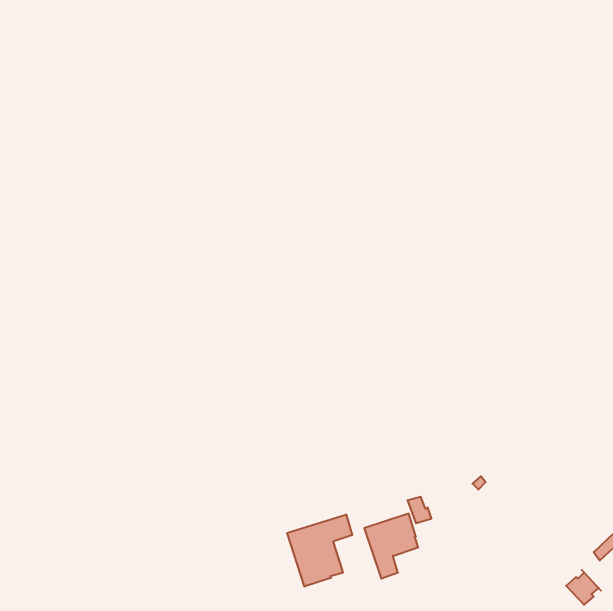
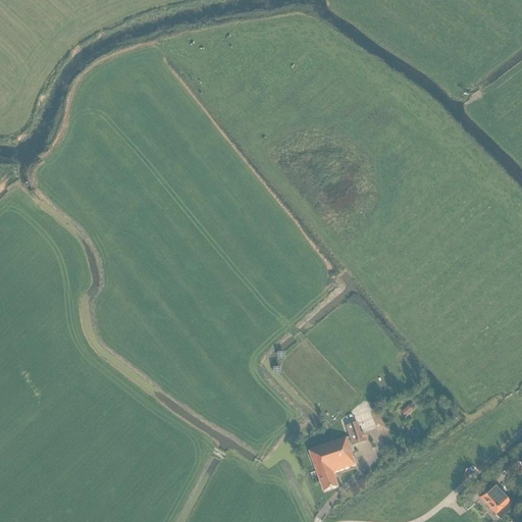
building: [287,514,352,587] -> none

